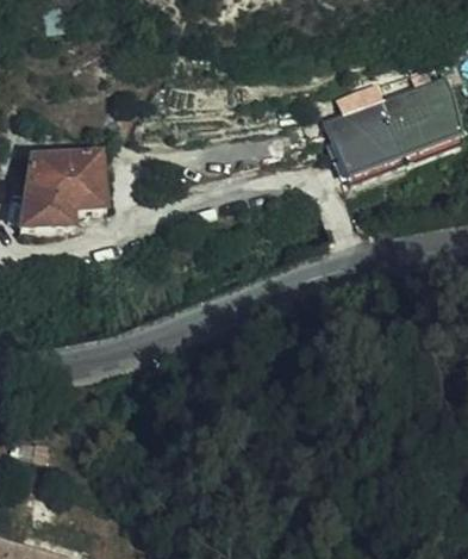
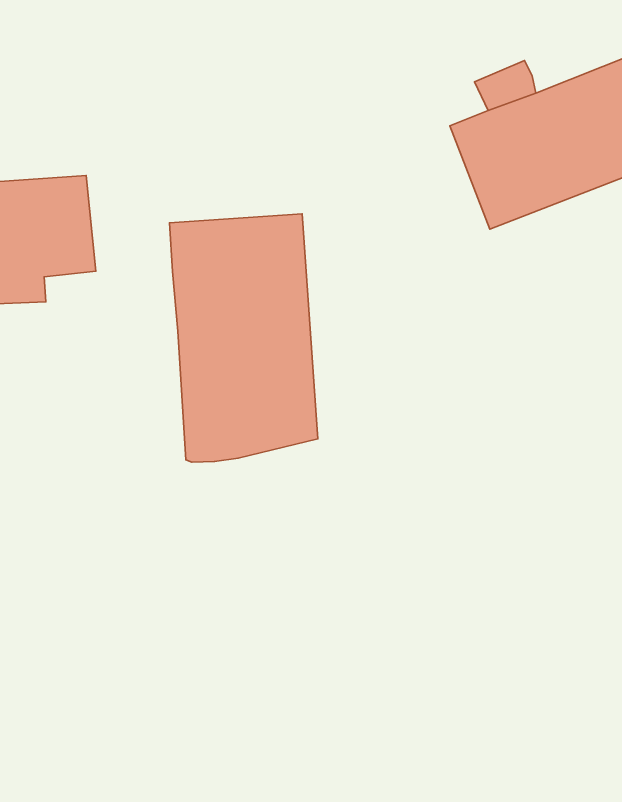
building: none -> [170,214,318,462]

